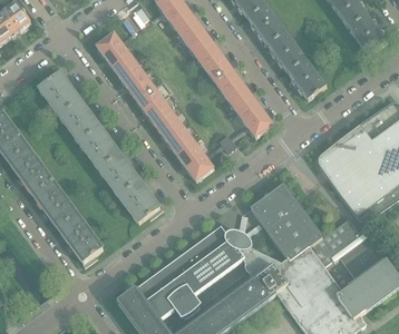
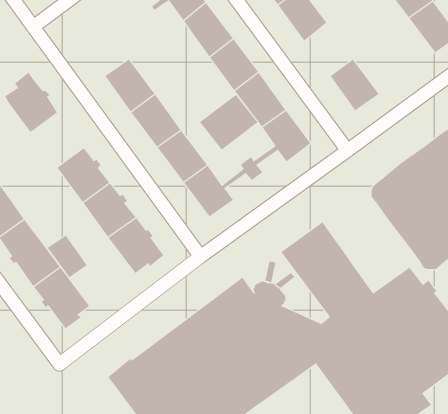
building: [267,30,305,71] -> none
building: [96,31,134,71] -> none
building: none -> [199,94,258,150]
building: [58,99,99,141] -> none
building: none -> [47,235,88,278]

